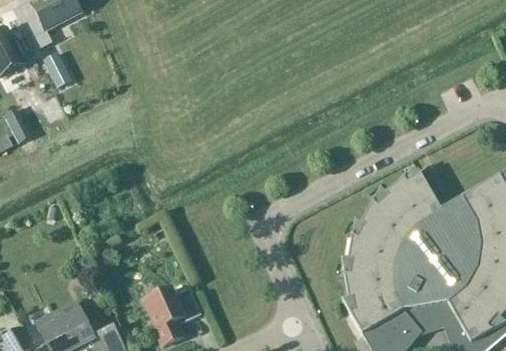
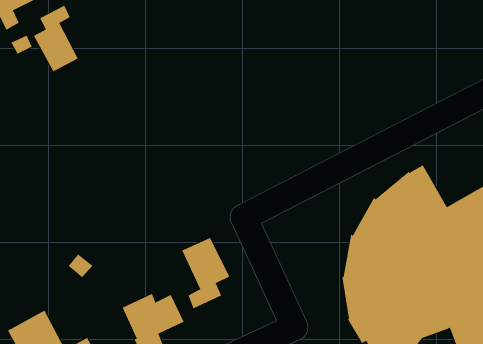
building: none -> [33,5,79,72]
building: none -> [181,237,230,309]

